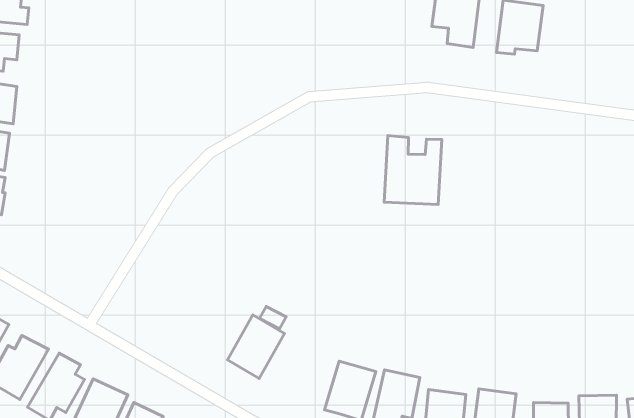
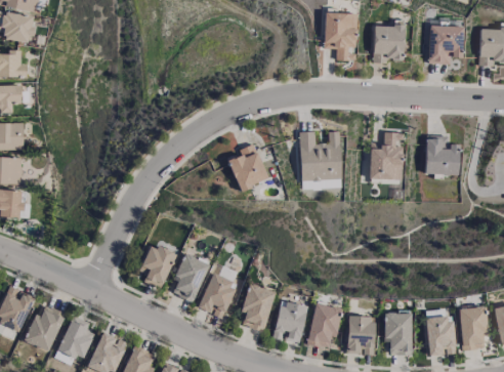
building: none -> [428,26,464,65]
building: none -> [227,144,267,191]
building: none -> [369,133,403,180]
building: none -> [425,135,459,175]
building: none -> [139,244,175,289]
building: none -> [172,253,210,303]
building: none -> [242,285,275,332]

